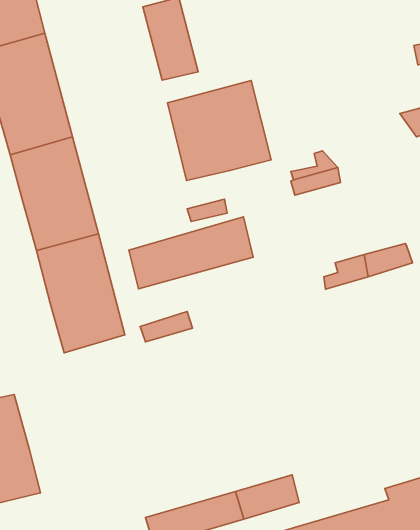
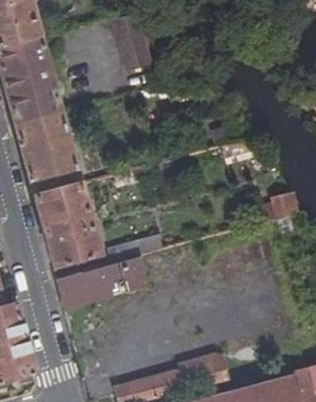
building: [167,81,271,181] -> none
building: [129,217,253,289] -> [57,258,148,311]

